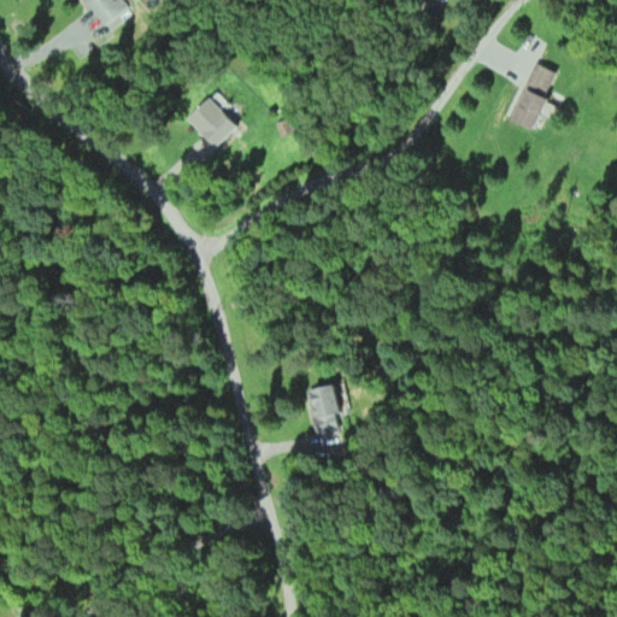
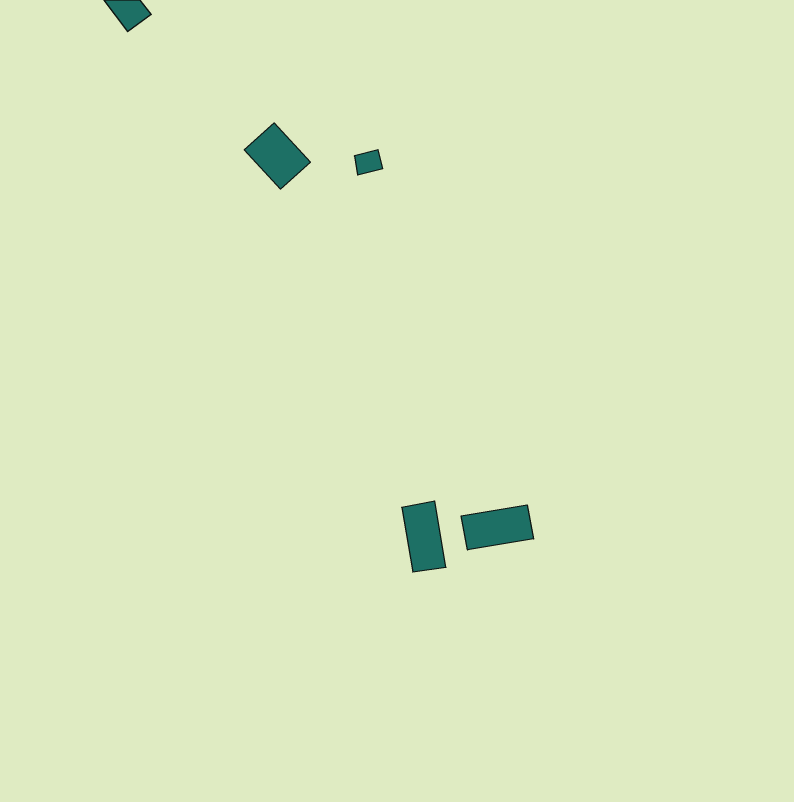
building: [509,60,557,127] -> none
building: none -> [461,505,534,550]

